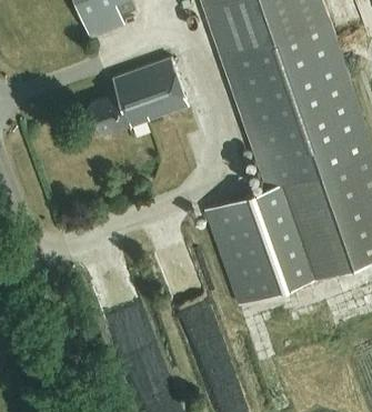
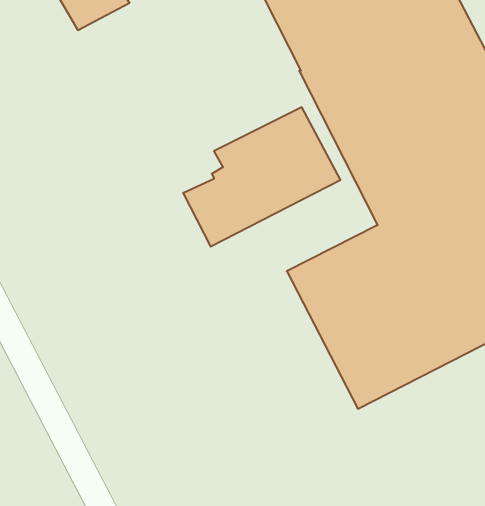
building: [89,57,191,139] -> [183,107,340,247]

